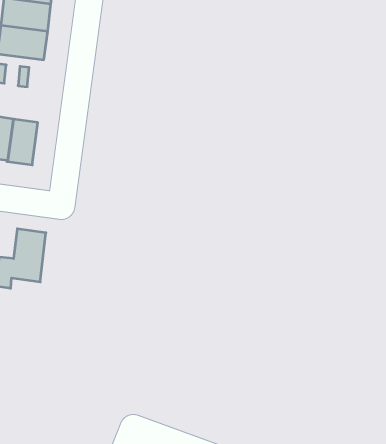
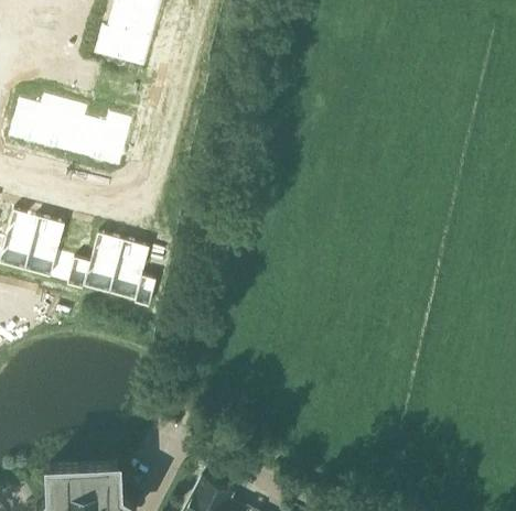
building: none -> [109,240,157,309]

